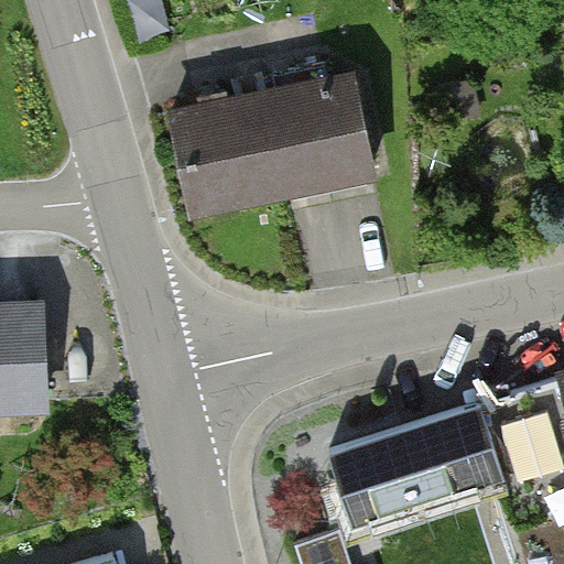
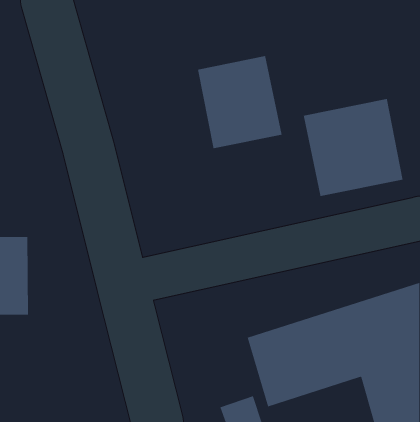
building: [170,94,283,218] -> none
building: none -> [303,98,403,197]

